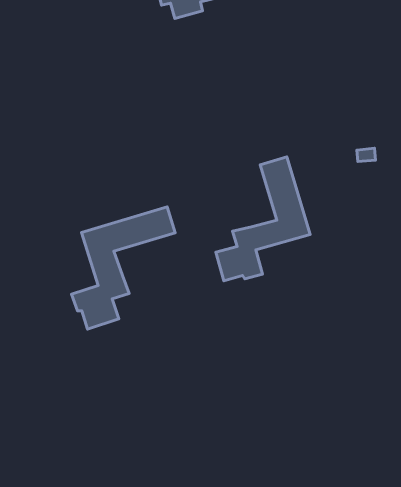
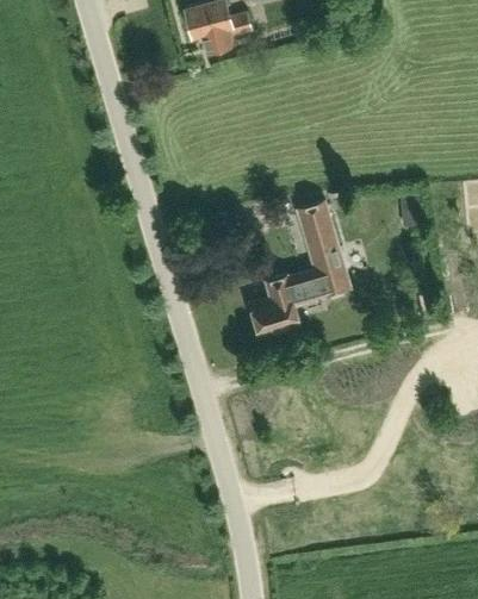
building: [72,207,175,329] -> none

